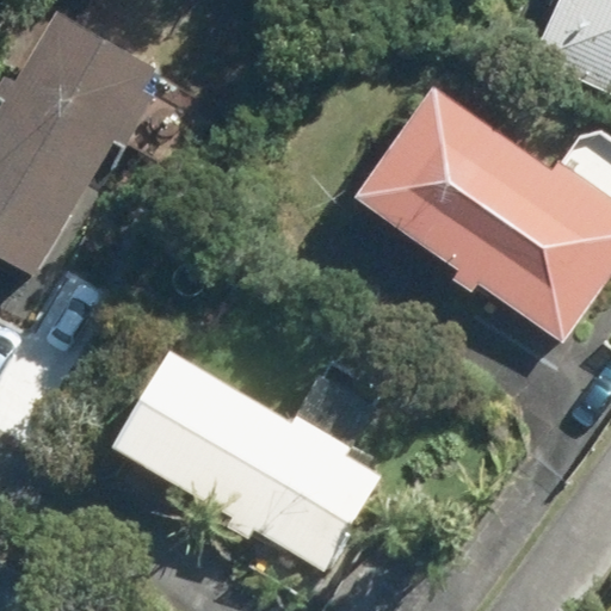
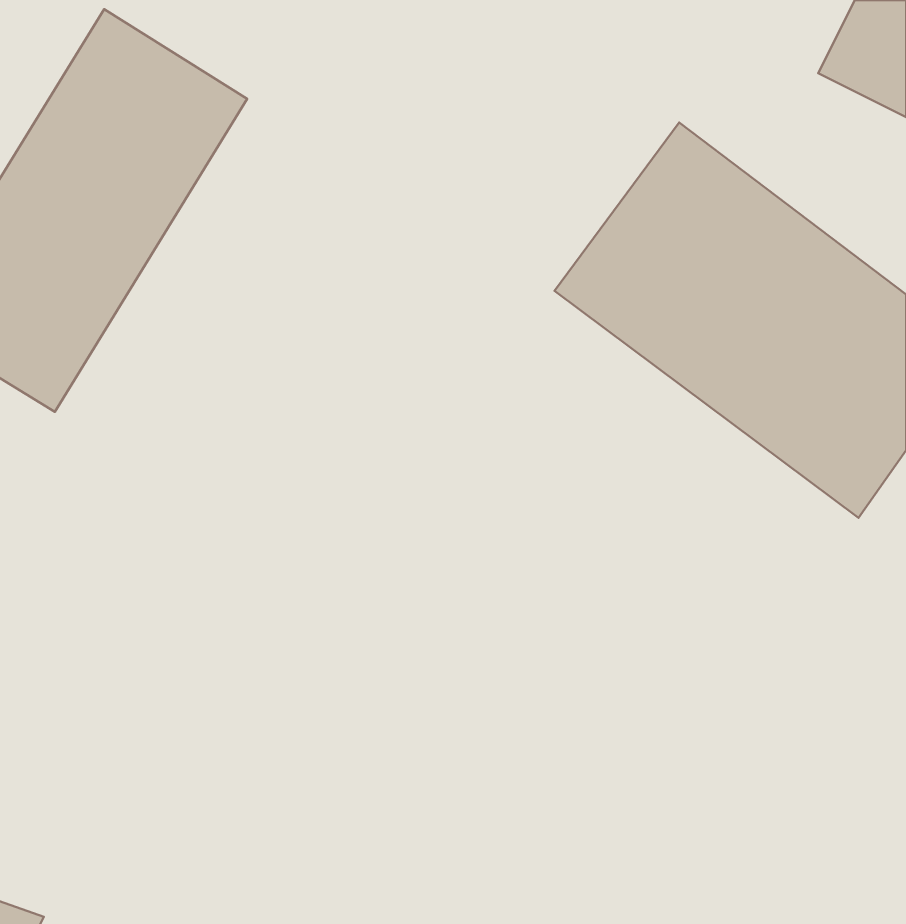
building: [118,351,382,572] -> none

